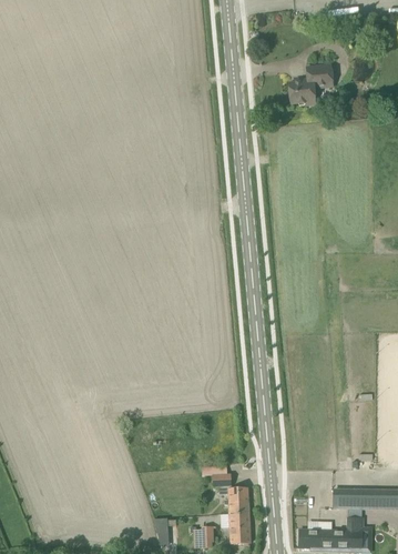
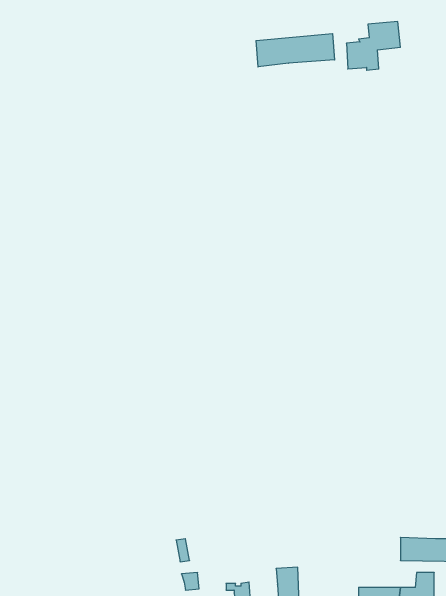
building: none -> [256,34,335,67]
building: [212,475,248,515] -> none

